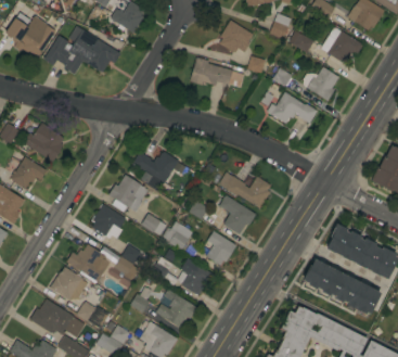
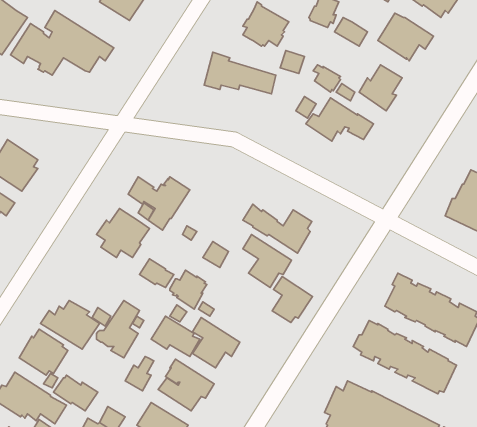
building: [91,204,126,238] -> none
building: [206,230,236,265] -> [272,277,312,322]

